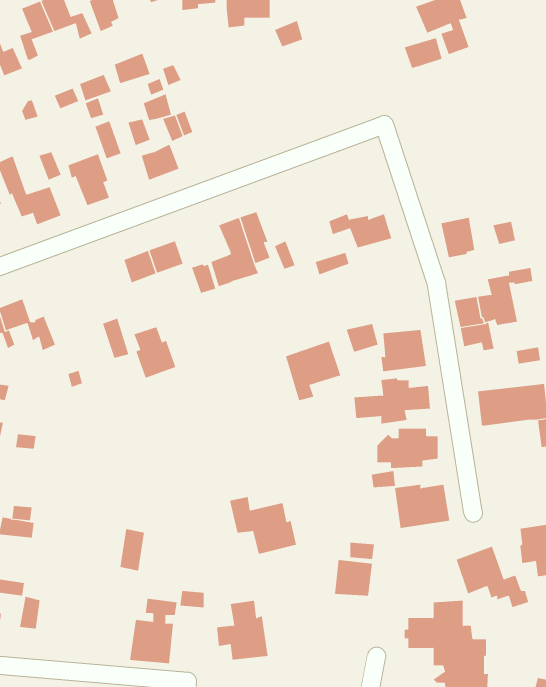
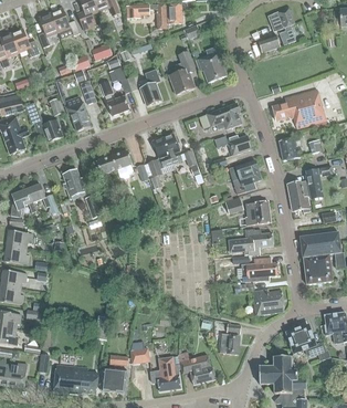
building: none -> [197,45,227,83]
building: none -> [169,51,194,94]
building: none -> [140,69,161,105]
building: none -> [271,88,327,130]
building: none -> [198,103,241,129]
building: [134,326,176,379] -> [63,169,87,199]
building: [285,341,341,401] -> [229,159,261,193]
building: none -> [303,253,332,284]
building: [229,497,297,555] -> [177,352,215,385]
building: none -> [53,364,97,395]

